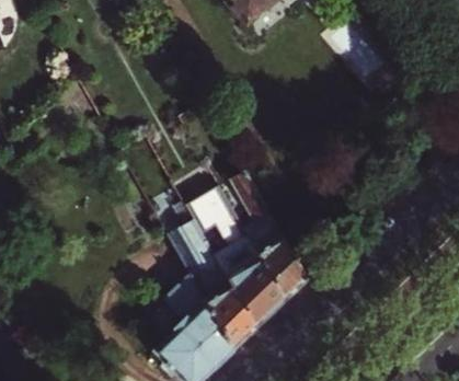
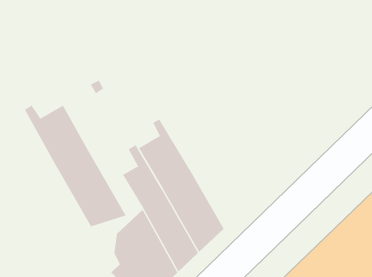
building: none -> [24,105,127,227]
building: [231,171,308,299] -> none

